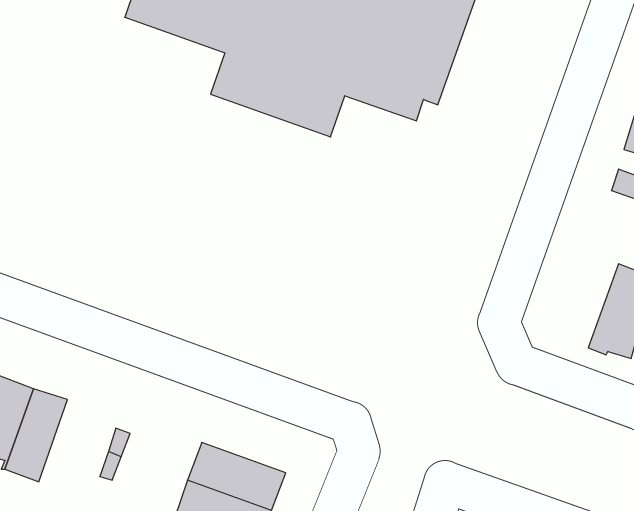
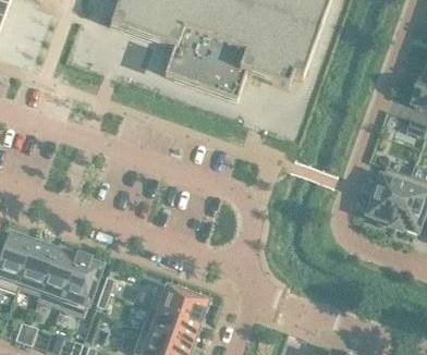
building: none -> [368,164,411,224]
building: none -> [58,256,99,315]

